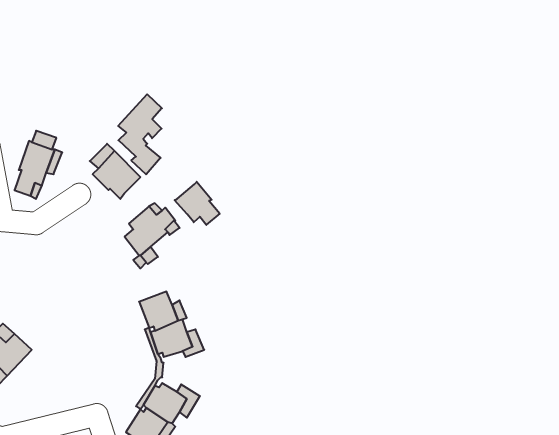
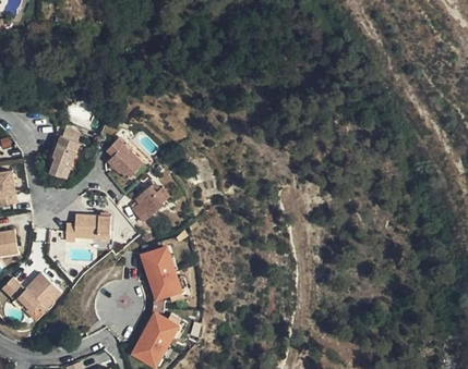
building: [118,94,162,174] -> none
building: [175,182,220,225] -> none
building: none -> [64,213,109,241]

